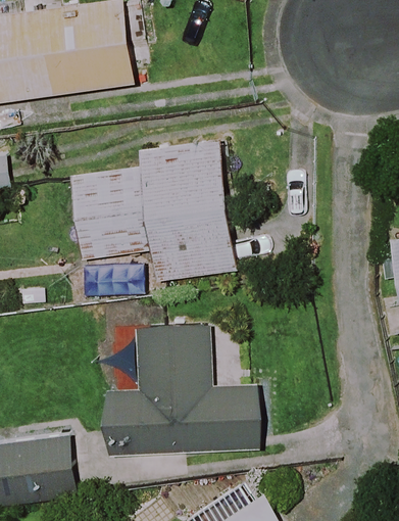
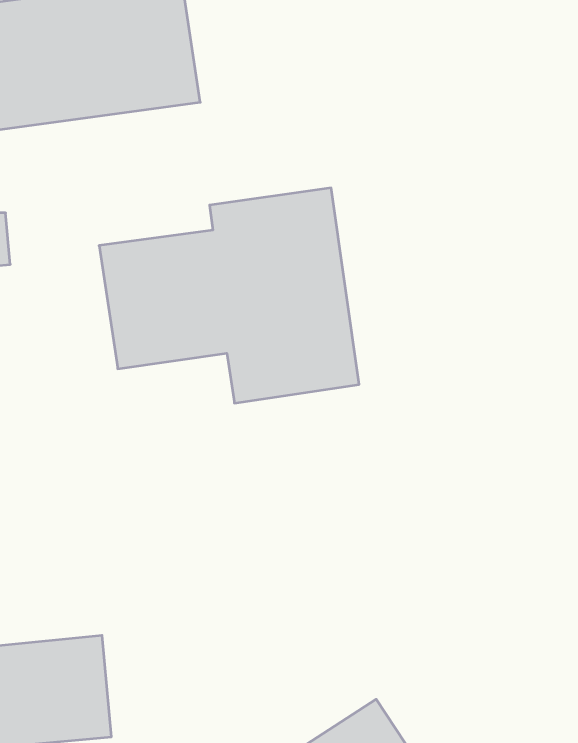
building: [113,323,261,457] -> none

